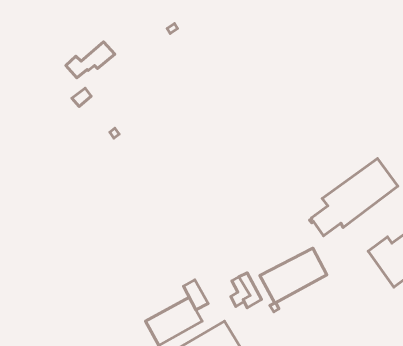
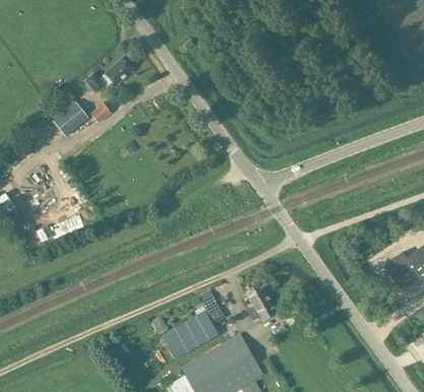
building: none -> [54,100,88,134]
building: [309,158,398,236] -> none
building: [260,248,327,303] -> none

